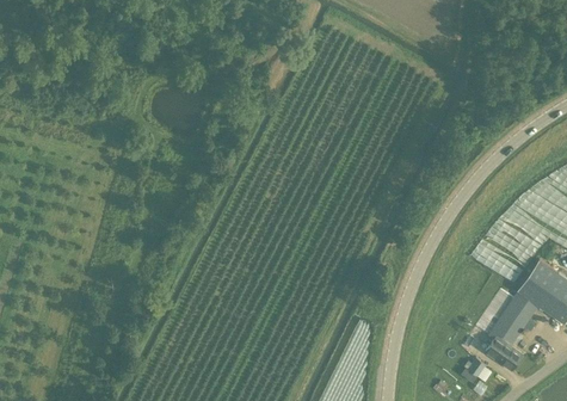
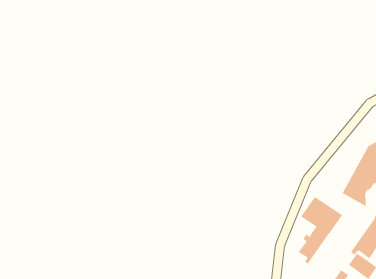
building: none -> [298,196,343,265]

